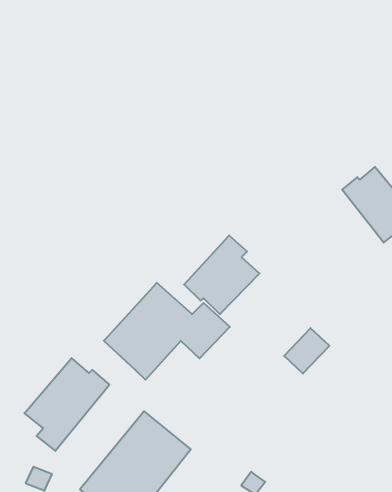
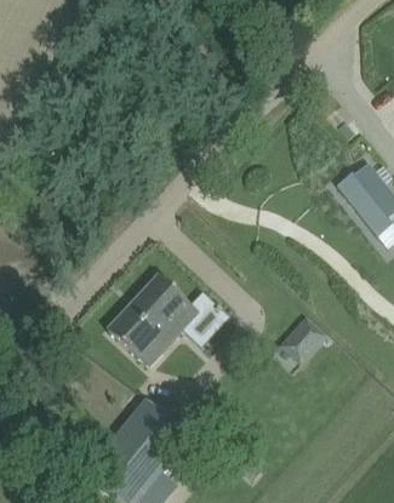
building: [184,235,260,314] -> none
building: [24,358,109,451] -> none

